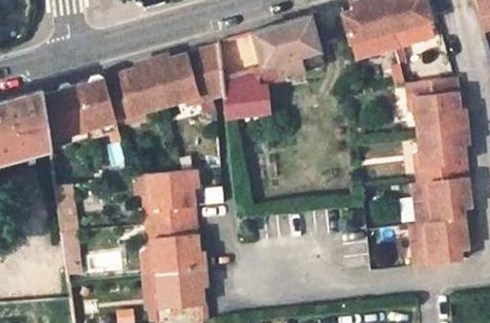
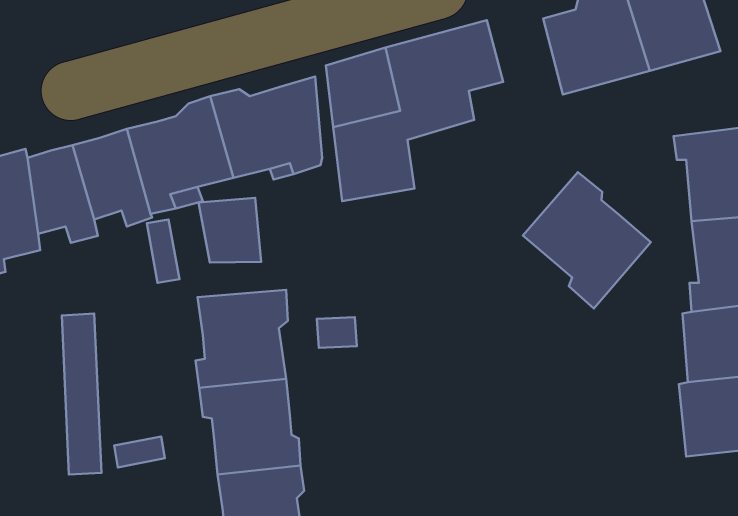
building: none -> [523,172,651,309]
building: none -> [199,198,261,263]

